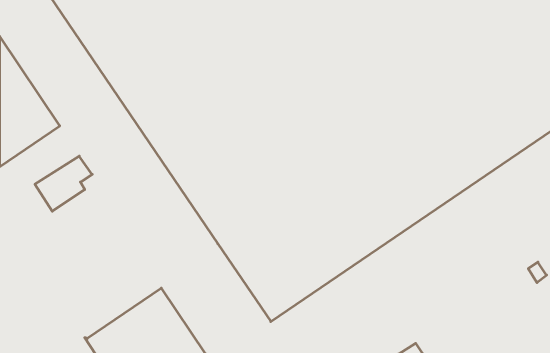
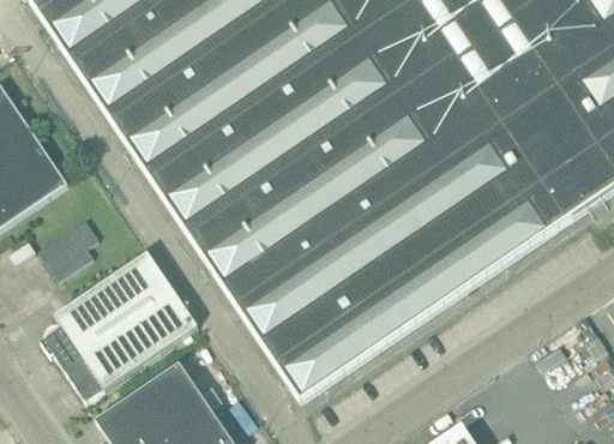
building: none -> [41,251,198,401]

